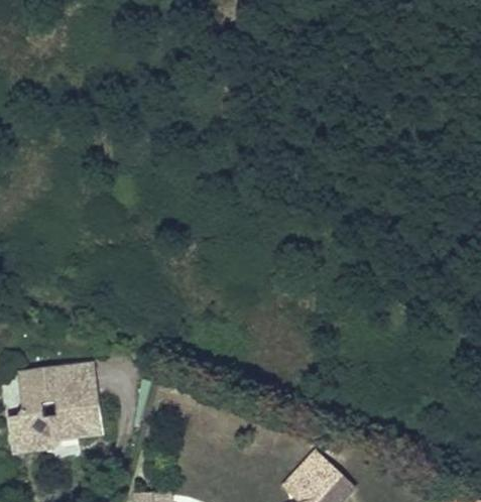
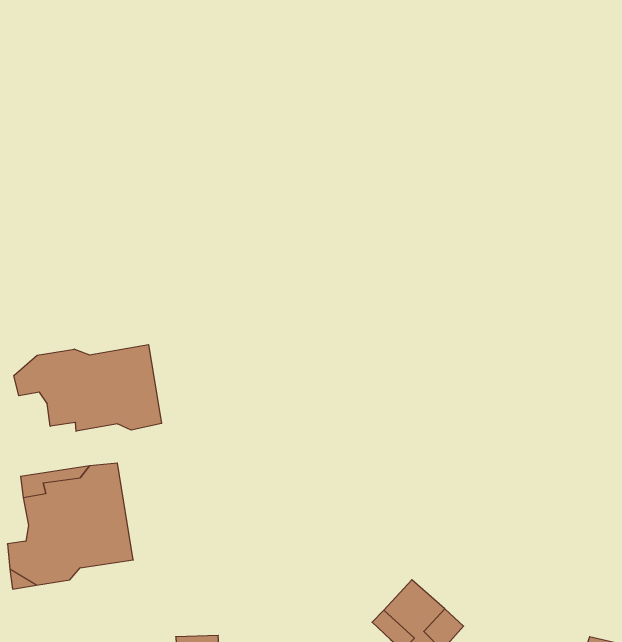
building: none -> [14,345,162,431]

